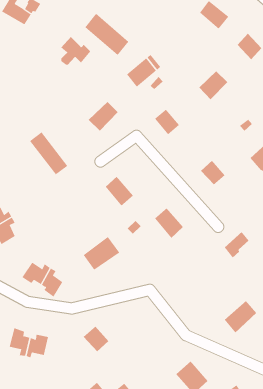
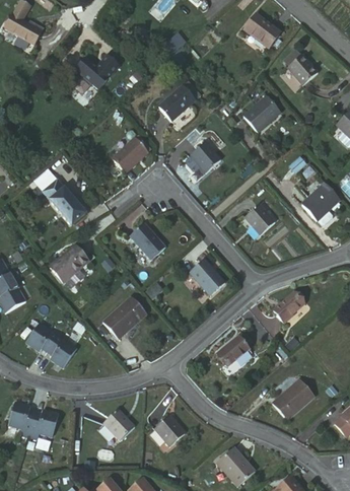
building: [84,13,129,56] -> none
building: none -> [50,241,90,281]
building: none -> [216,331,250,362]
building: none -> [152,415,183,445]

